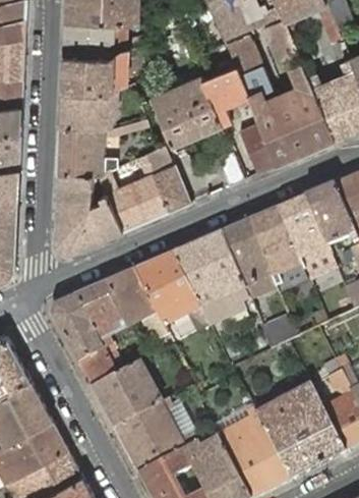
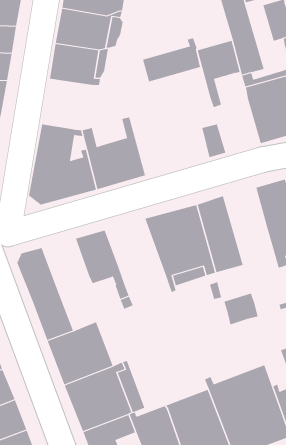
building: [160,96,222,146] -> none
building: [239,121,278,172] -> none
building: [59,126,117,173] -> none
building: [145,148,190,210] -> none
building: [248,208,302,286] -> none
building: [135,253,208,328] -> none
building: [75,281,129,340] -> none

